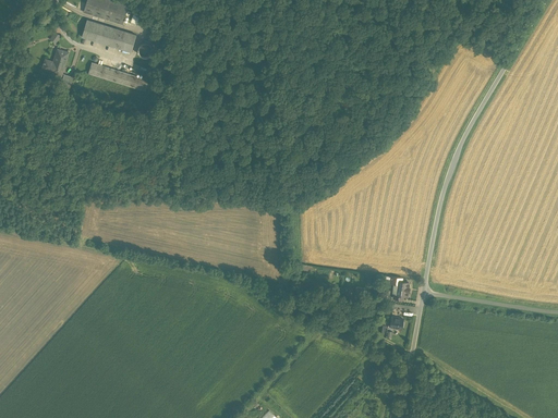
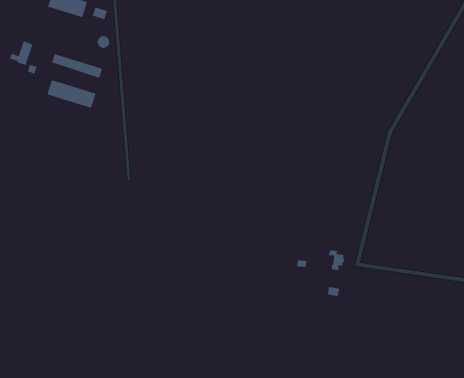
building: [81,20,135,51] -> [47,80,96,109]

